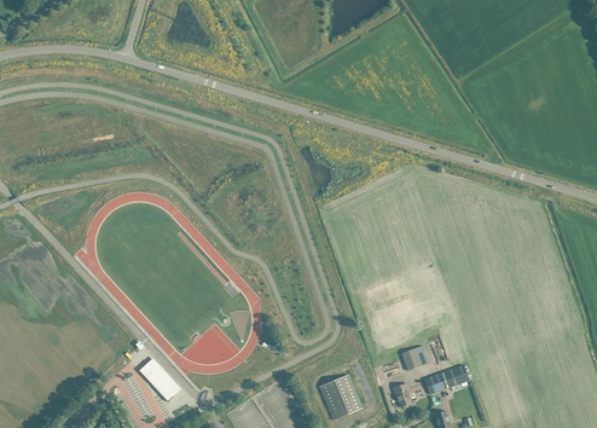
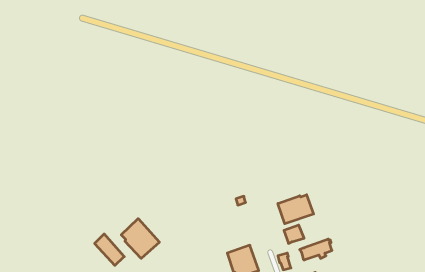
building: none -> [278,195,314,224]
building: none -> [121,219,159,258]

